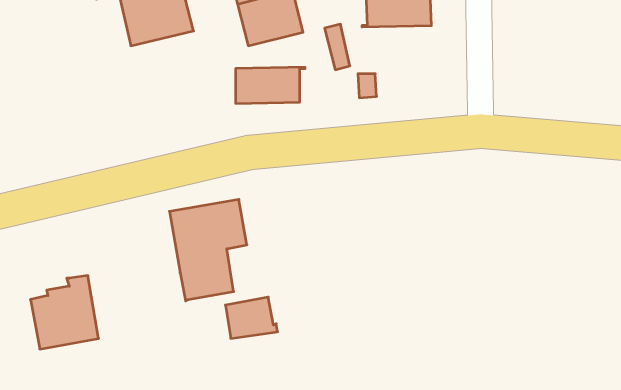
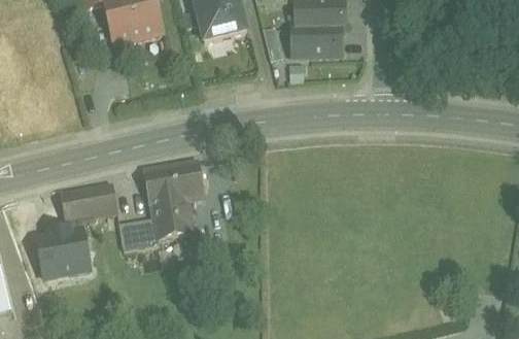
building: [236,67,305,103] -> [291,27,345,55]
building: none -> [61,183,117,222]
building: [225,297,278,338] -> [118,217,159,249]

